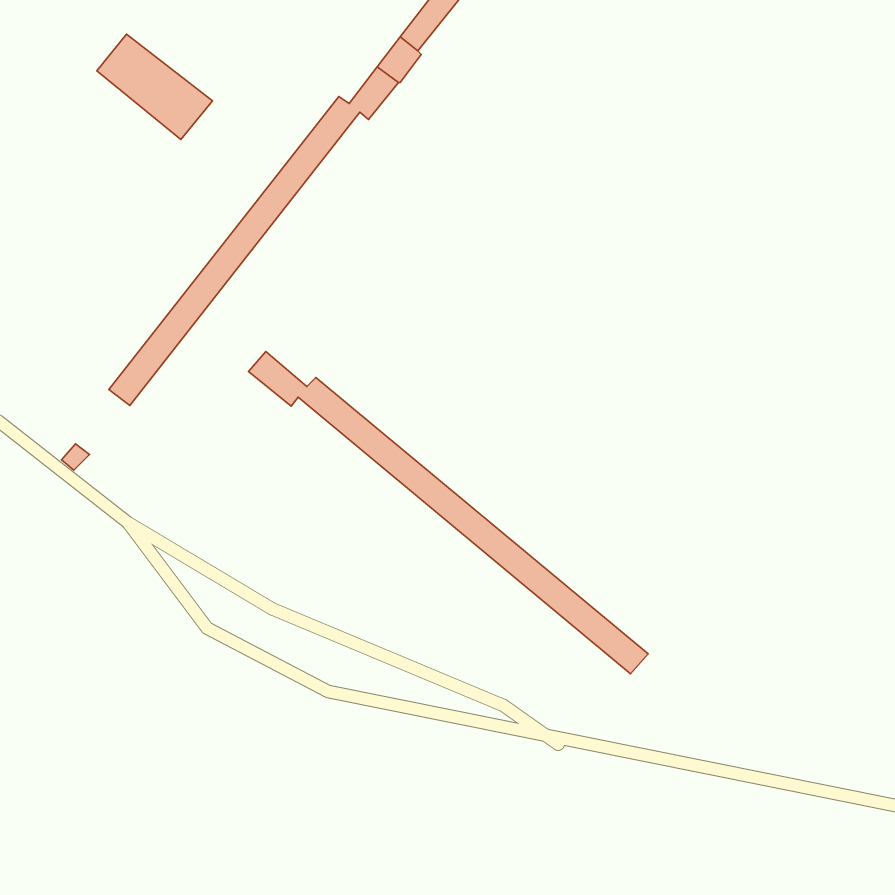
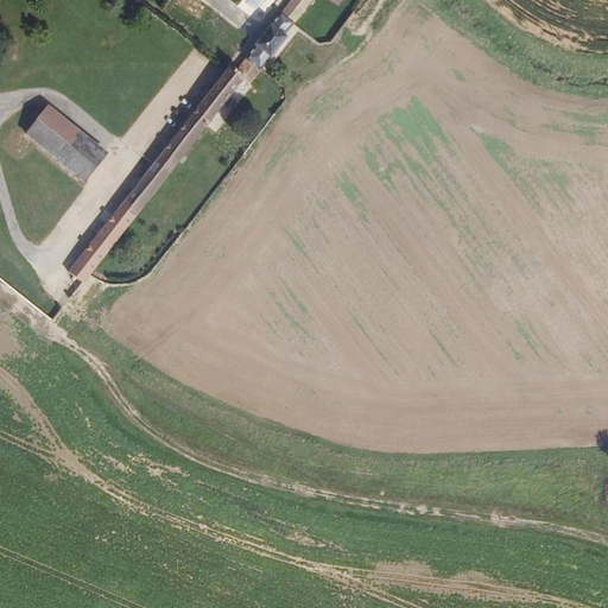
building: [97,34,213,139] -> [26,107,104,178]
building: [248,352,648,674] -> none

